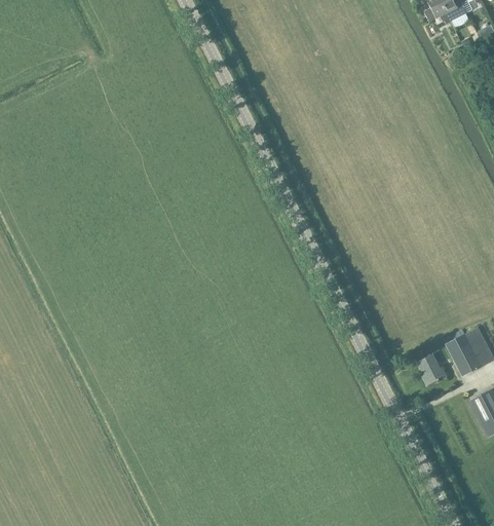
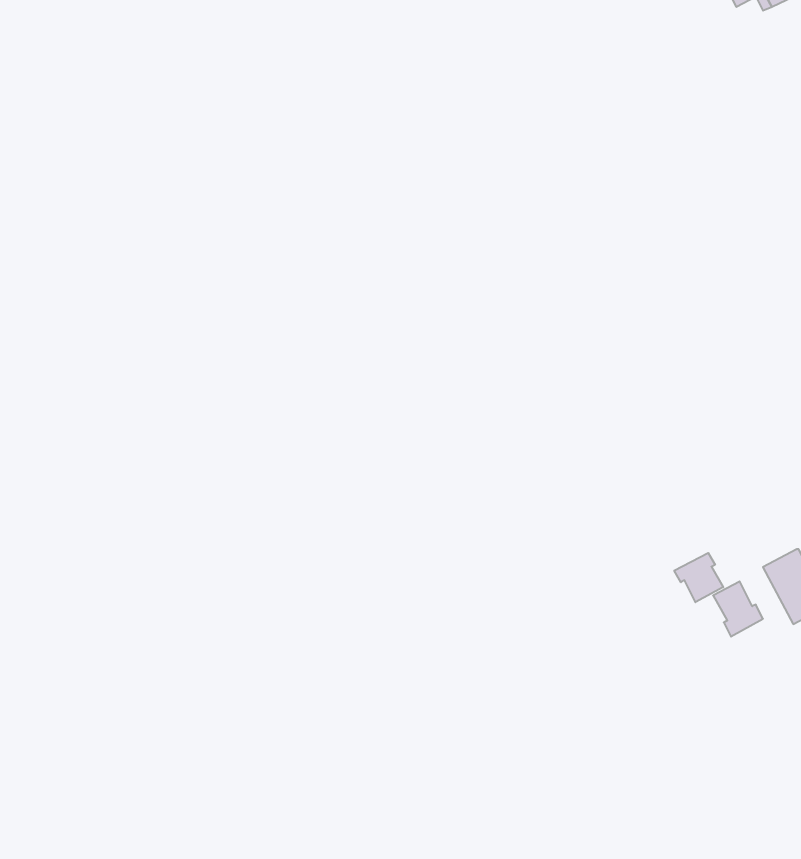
building: none -> [674,553,723,602]

